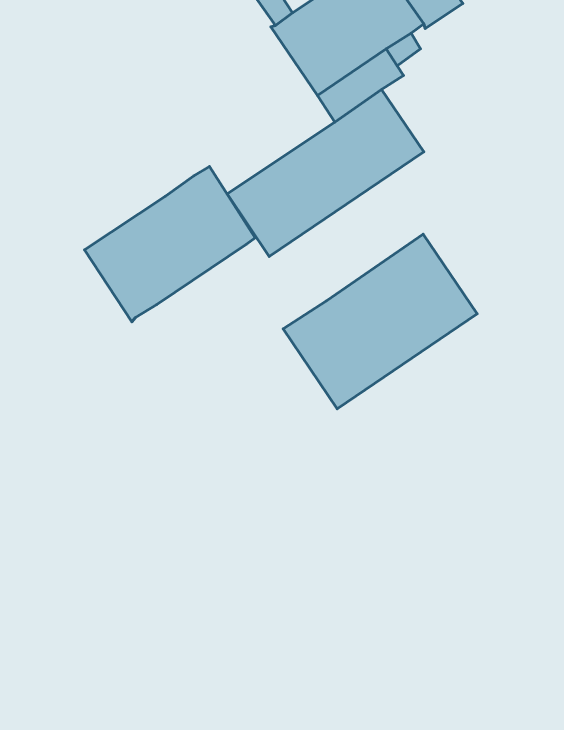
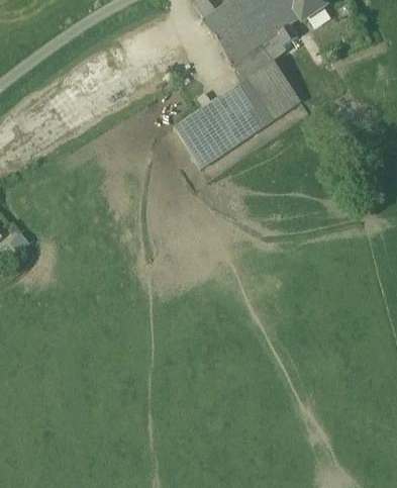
building: [84,166,255,322] -> none
building: [283,234,477,409] -> none

